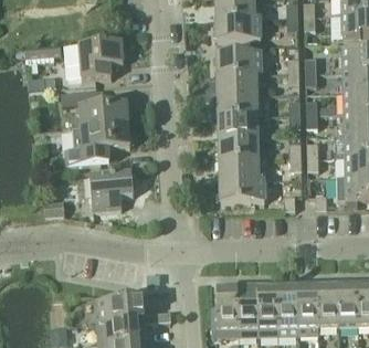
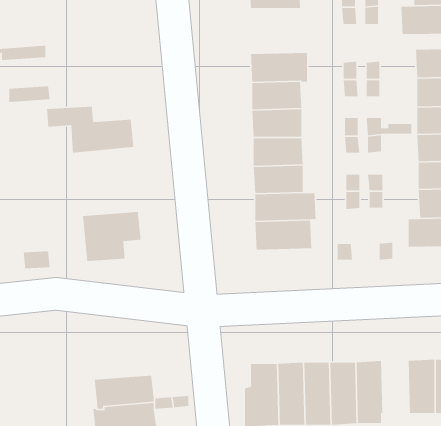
building: [217,15,260,40] -> none
building: [66,40,123,78] -> none
building: [66,123,129,164] -> none
building: [317,285,338,326] -> none

